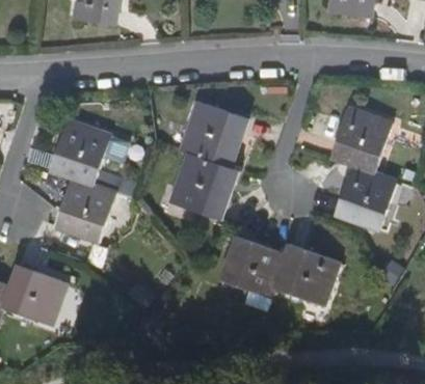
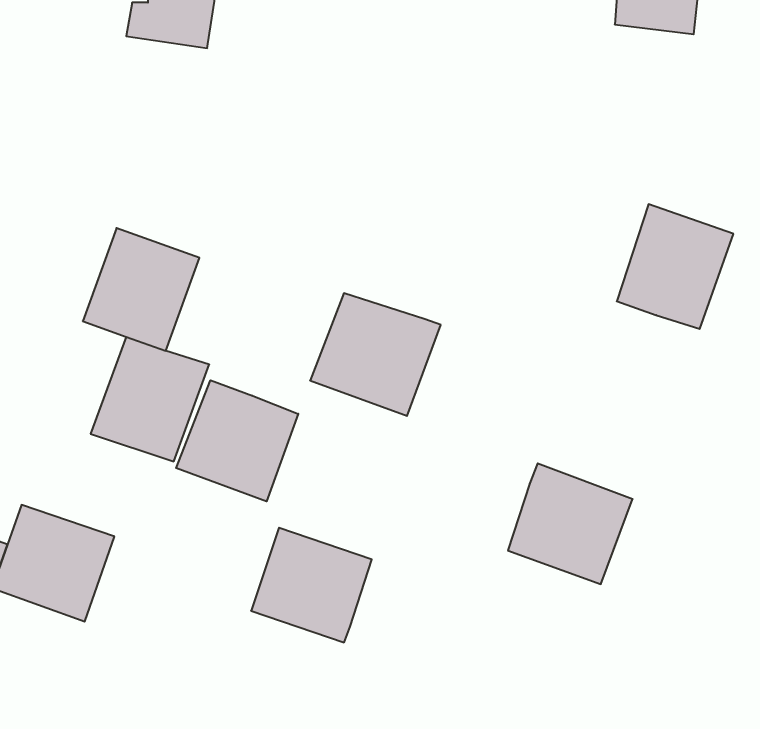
building: [179,103,246,168] -> none
building: [334,166,397,231] -> none
building: none -> [176,380,298,501]
building: [221,238,285,298] -> [251,528,372,642]

